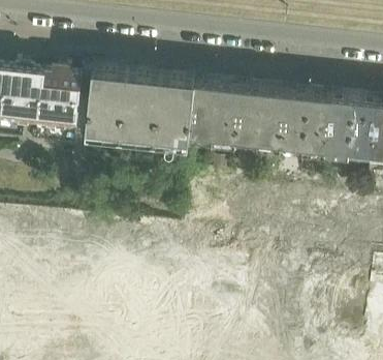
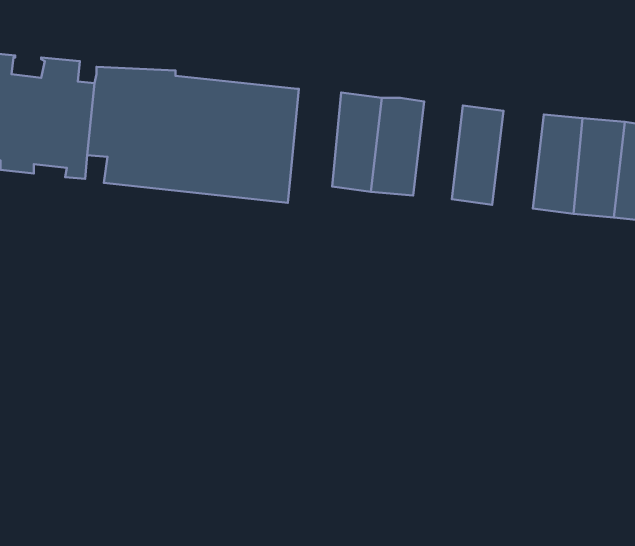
building: [175,80,204,134] -> none
building: [245,87,273,142] -> none
building: [289,92,318,147] -> none

